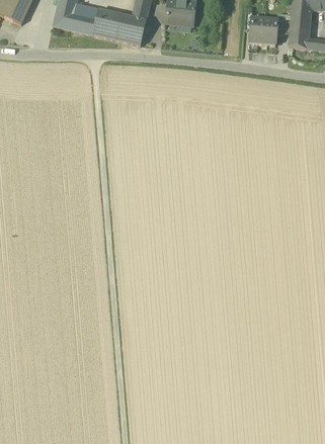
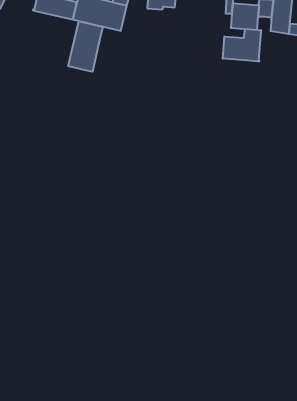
building: none -> [68,21,103,72]
building: none -> [223,29,261,62]

